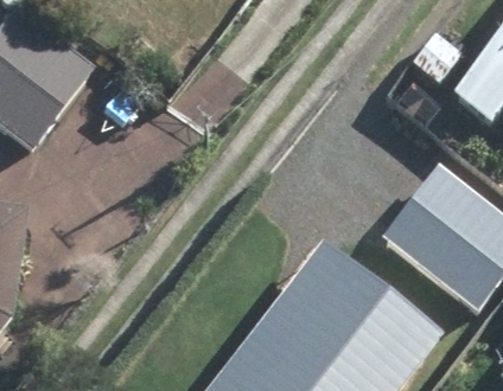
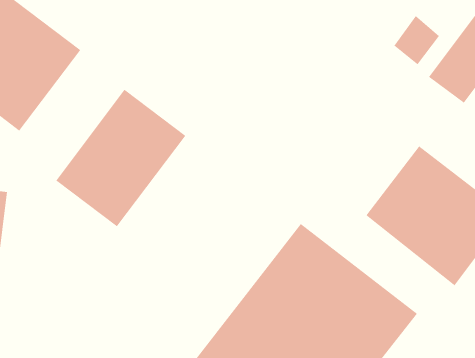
building: none -> [55,89,186,227]

